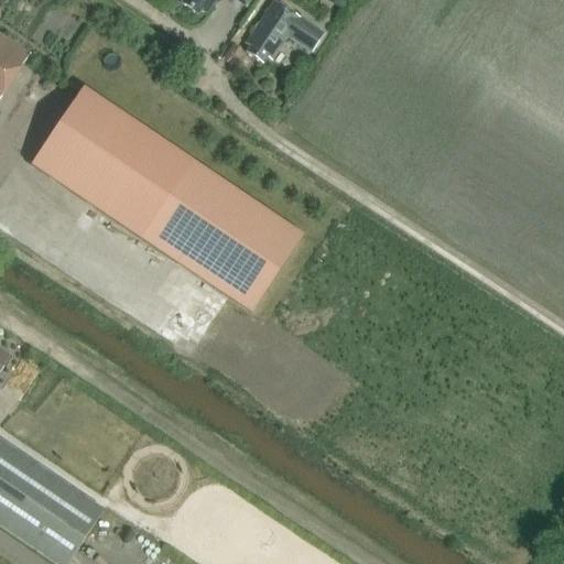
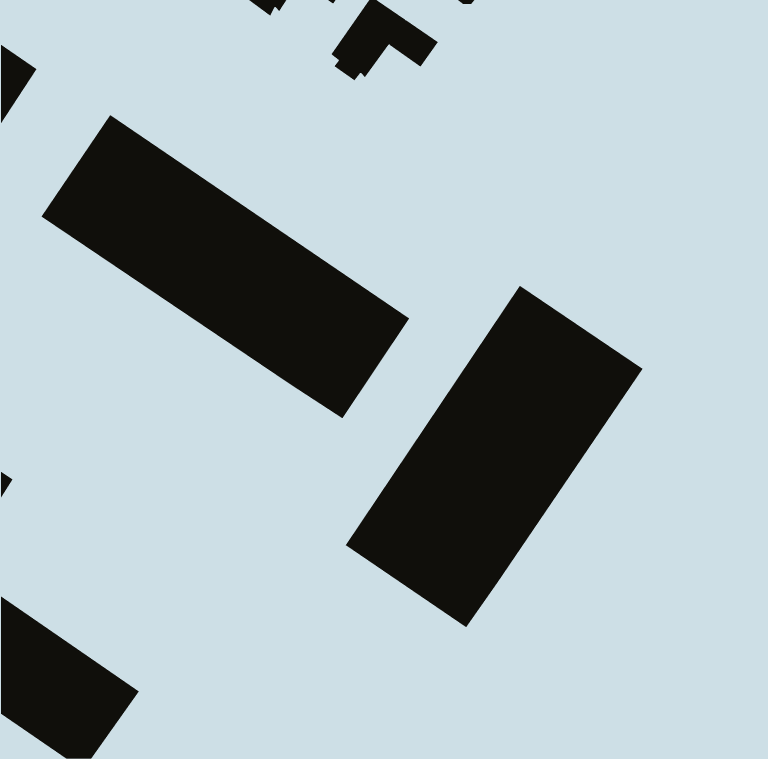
building: none -> [345,285,643,628]

